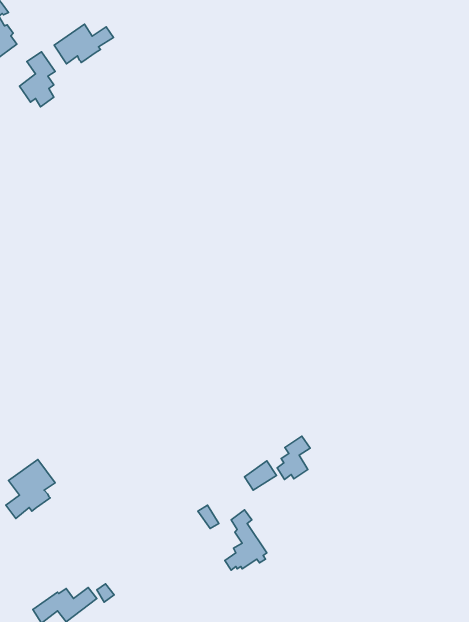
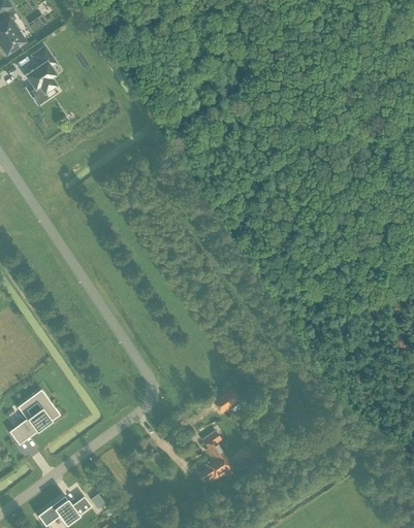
building: [54,24,113,64] -> none
building: [277,436,310,480] -> none

